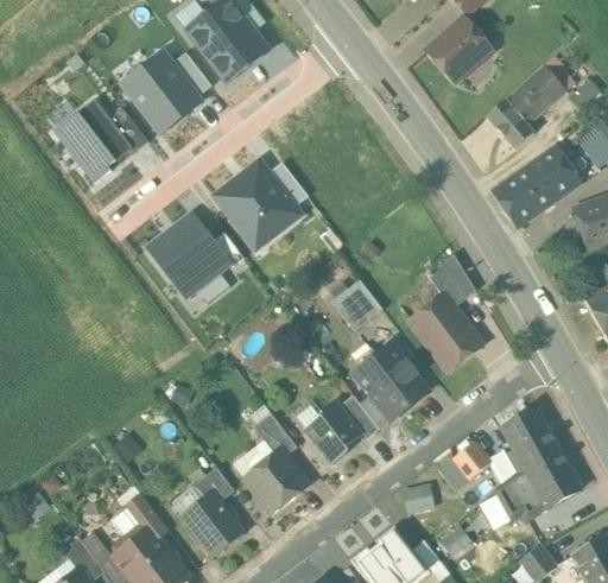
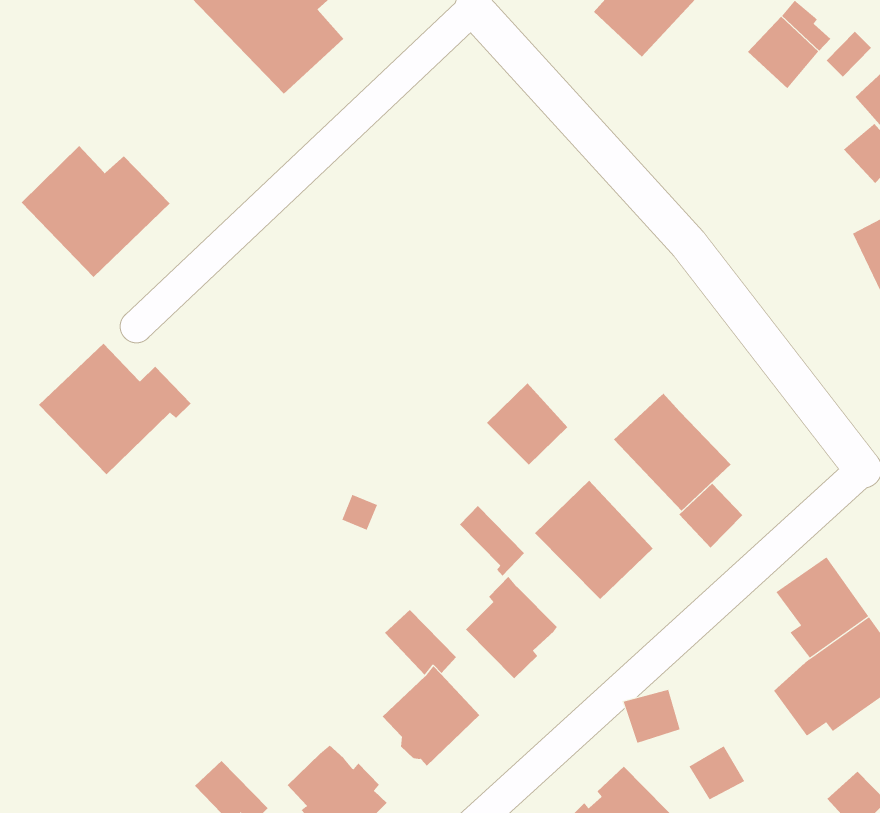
building: [131,52,211,133] -> none
building: [487,87,543,150] -> none
building: [492,146,582,228] -> none
building: [216,163,309,242] -> none
building: [148,214,245,297] -> [38,343,192,475]
building: [426,254,476,308] -> none
building: none -> [678,483,743,549]
building: [340,395,379,442] -> [459,505,525,576]
building: [452,442,489,480] -> none
building: [195,468,235,502] -> none

